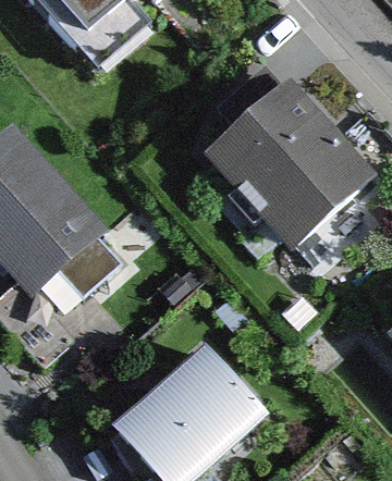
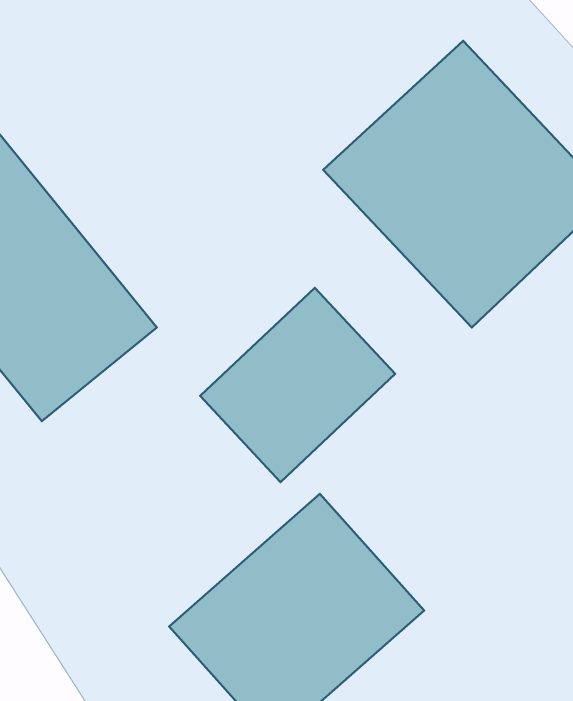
building: none -> [200,288,395,482]

